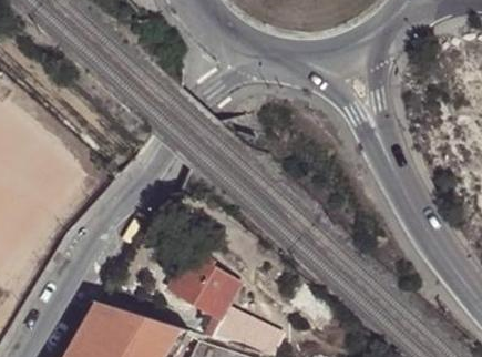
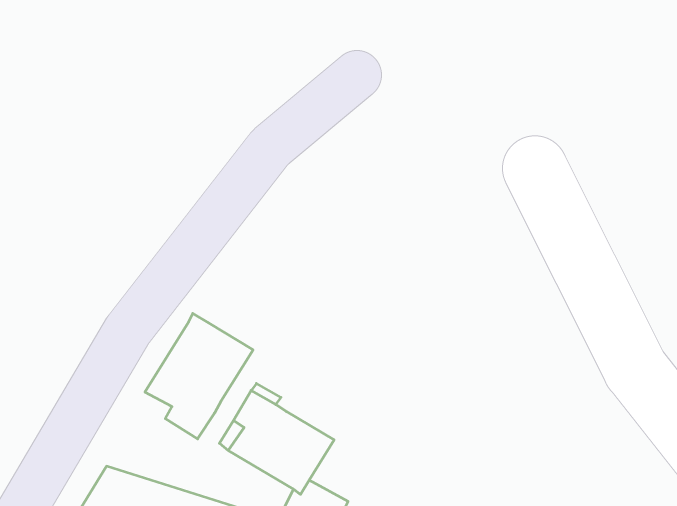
building: none -> [145,313,253,439]

